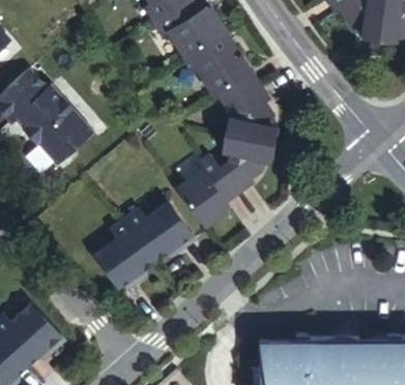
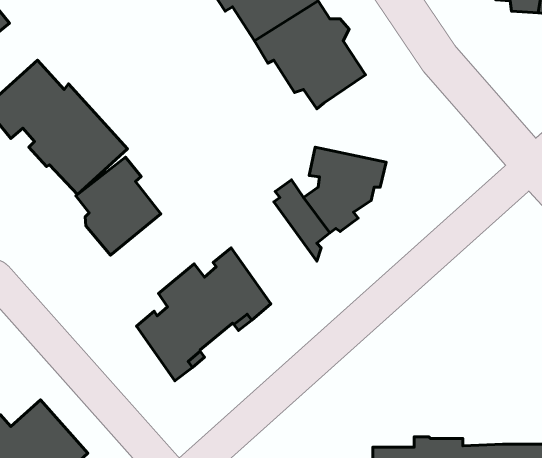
building: [224,81,277,142] -> none
building: none -> [76,157,161,255]
building: [172,170,225,229] -> none

